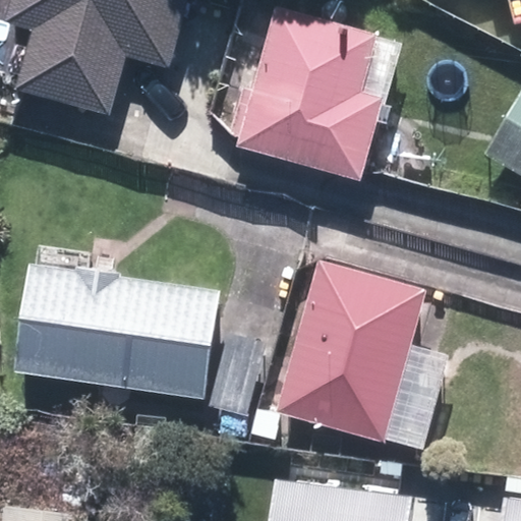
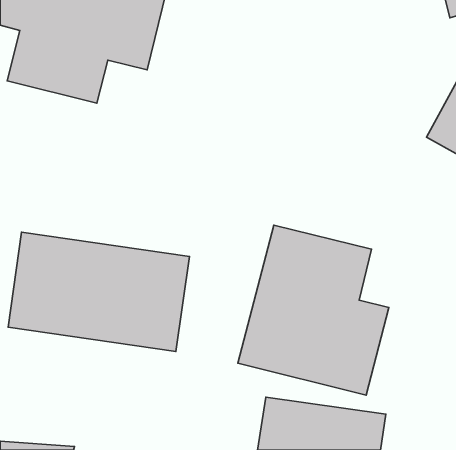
building: [233,6,399,187] -> none

